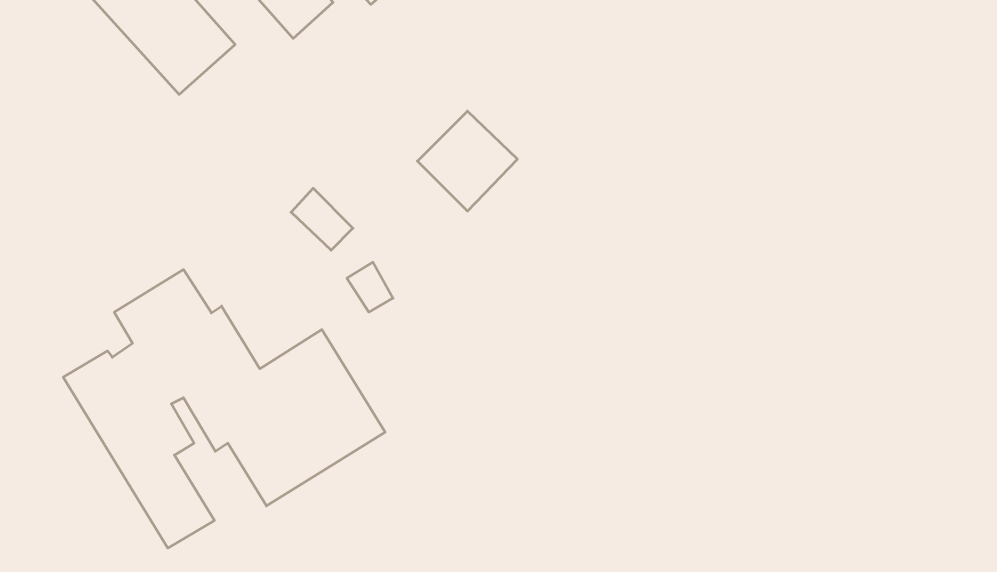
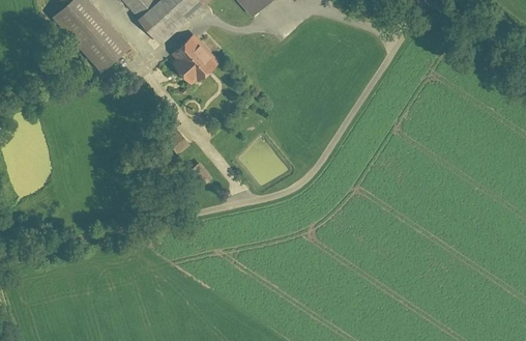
building: [417,111,517,211] -> [167,33,218,85]
building: [63,270,385,548] -> none

